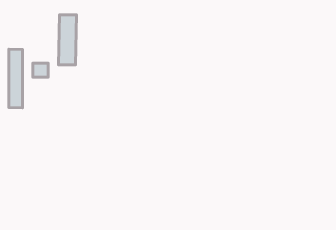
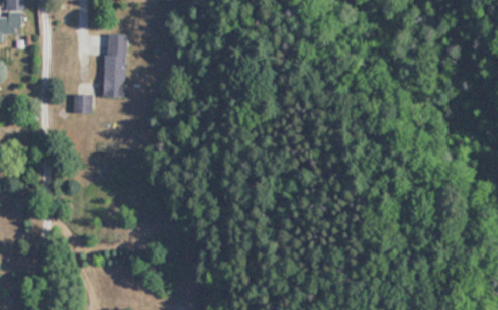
building: [9,49,23,108] -> none

